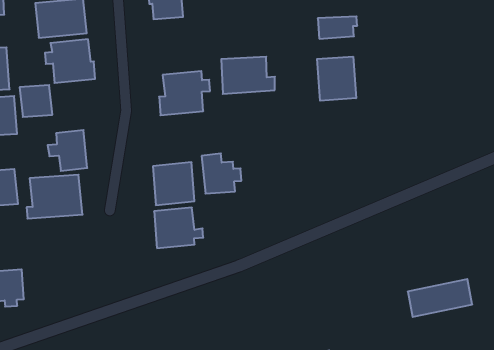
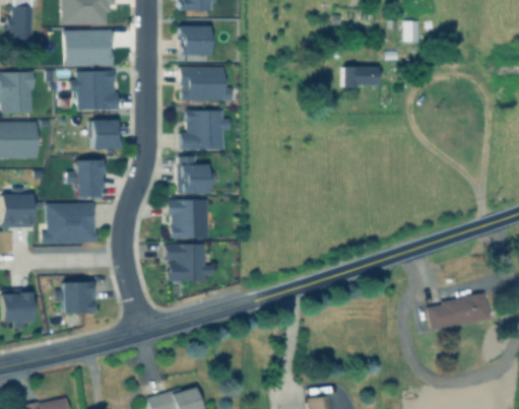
building: [317,57,356,101] -> none
building: [221,57,275,94] -> [180,66,233,100]
building: [20,85,52,117] -> [89,120,120,149]
building: [202,153,241,194] -> [177,155,214,194]
building: none -> [55,281,95,314]
building: [408,279,472,317] -> [427,295,490,329]

